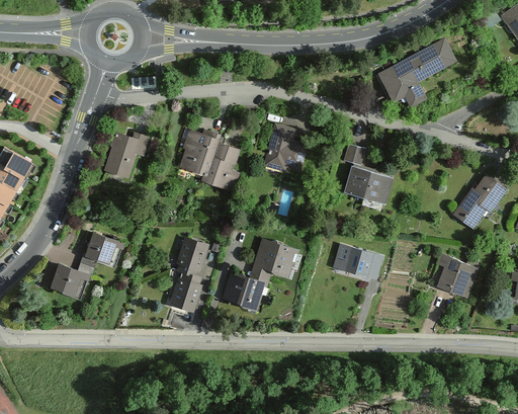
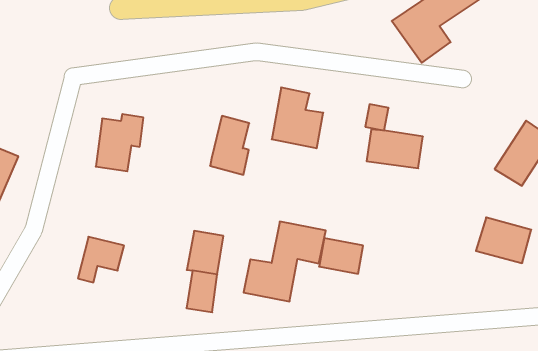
building: [178,131,220,176] -> none
building: [343,246,383,280] -> [319,238,363,274]
building: [48,261,91,300] -> none

